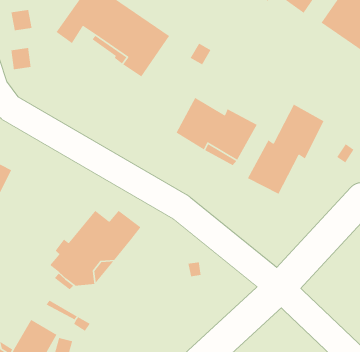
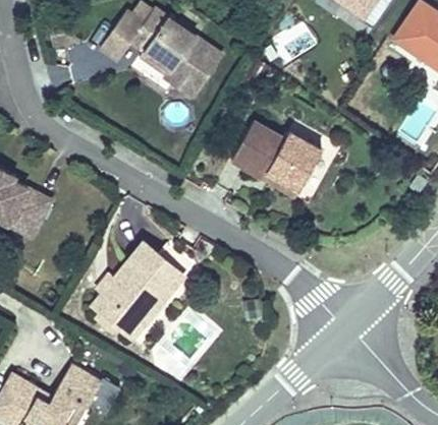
building: [247,103,325,195] -> none

